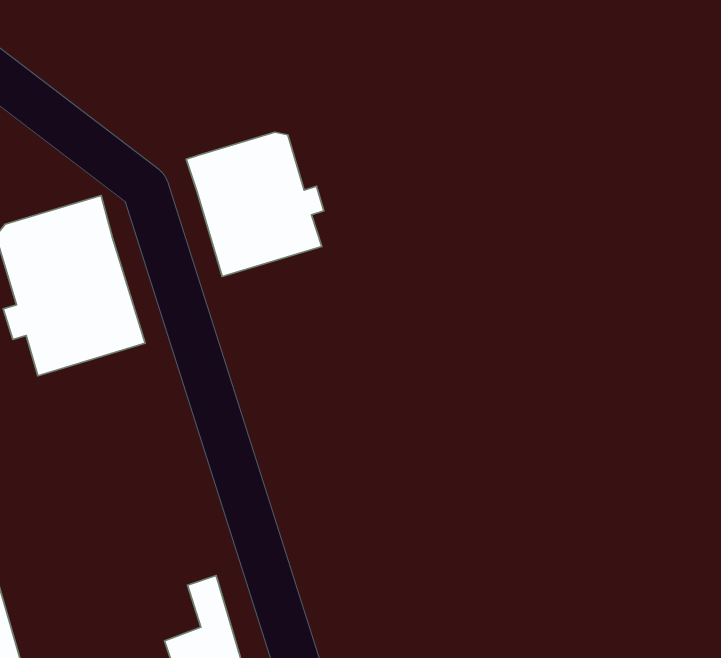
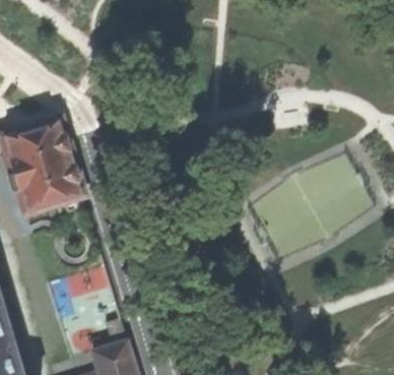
building: [186,132,324,277] -> none

